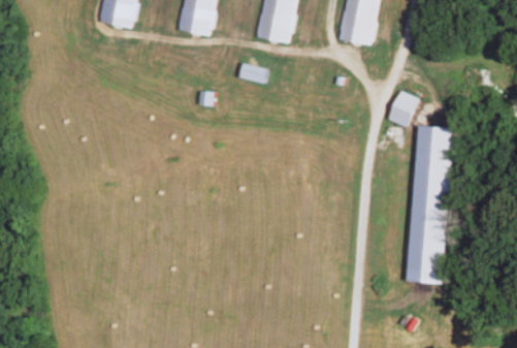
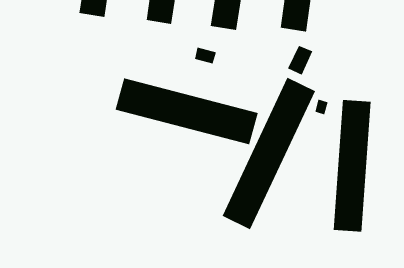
building: [385,91,416,127] -> [287,45,313,76]
building: none -> [222,77,316,230]
building: none -> [115,77,258,145]

